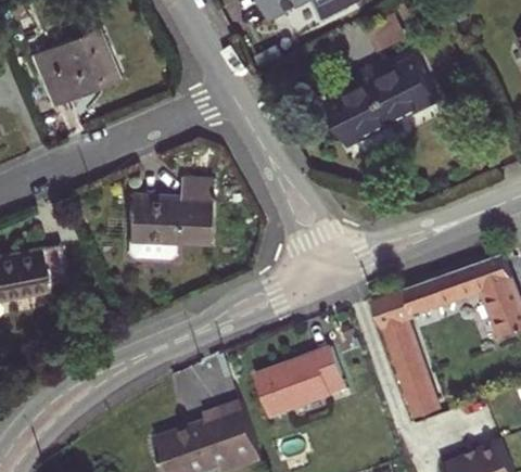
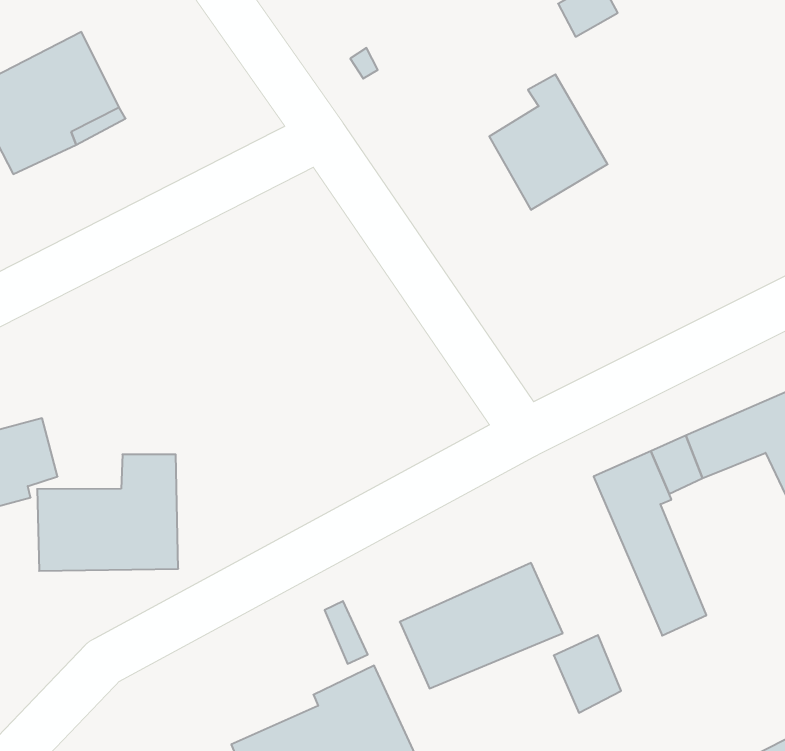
building: [366,56,440,124] -> none
building: [129,178,212,245] -> [37,454,178,571]
building: [404,384,441,428] -> [554,635,621,713]

